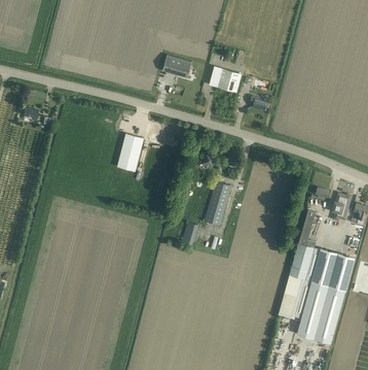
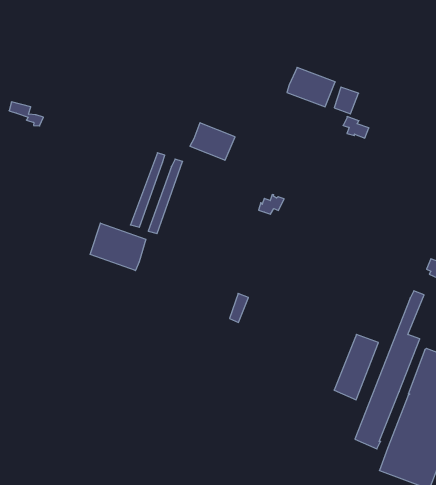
building: [161,55,191,78] -> [190,123,235,160]
building: [204,182,230,227] -> [334,334,378,400]
building: none -> [90,223,146,271]

